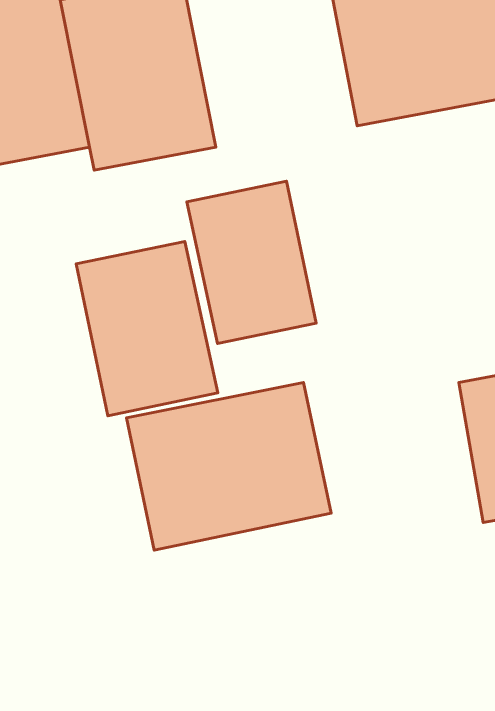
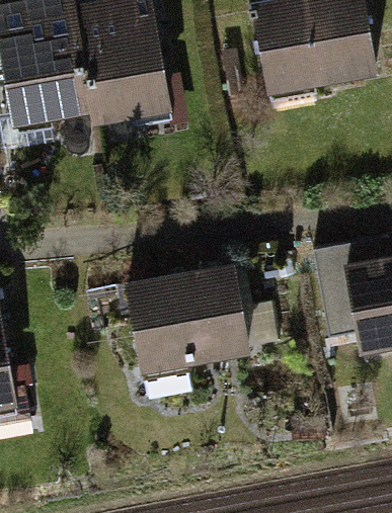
building: [187,181,316,344] -> none
building: [76,241,218,416] -> none

